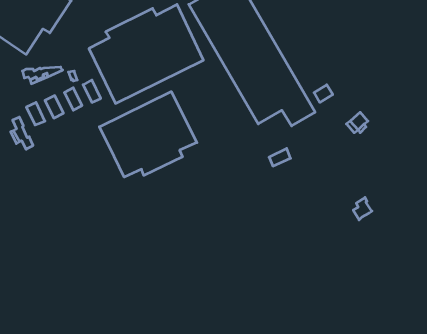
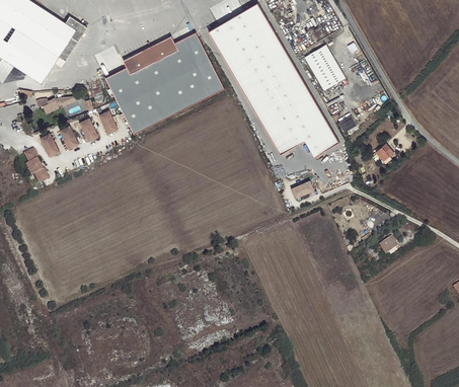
building: none -> [303,44,346,90]
building: [99,92,197,177] -> none

